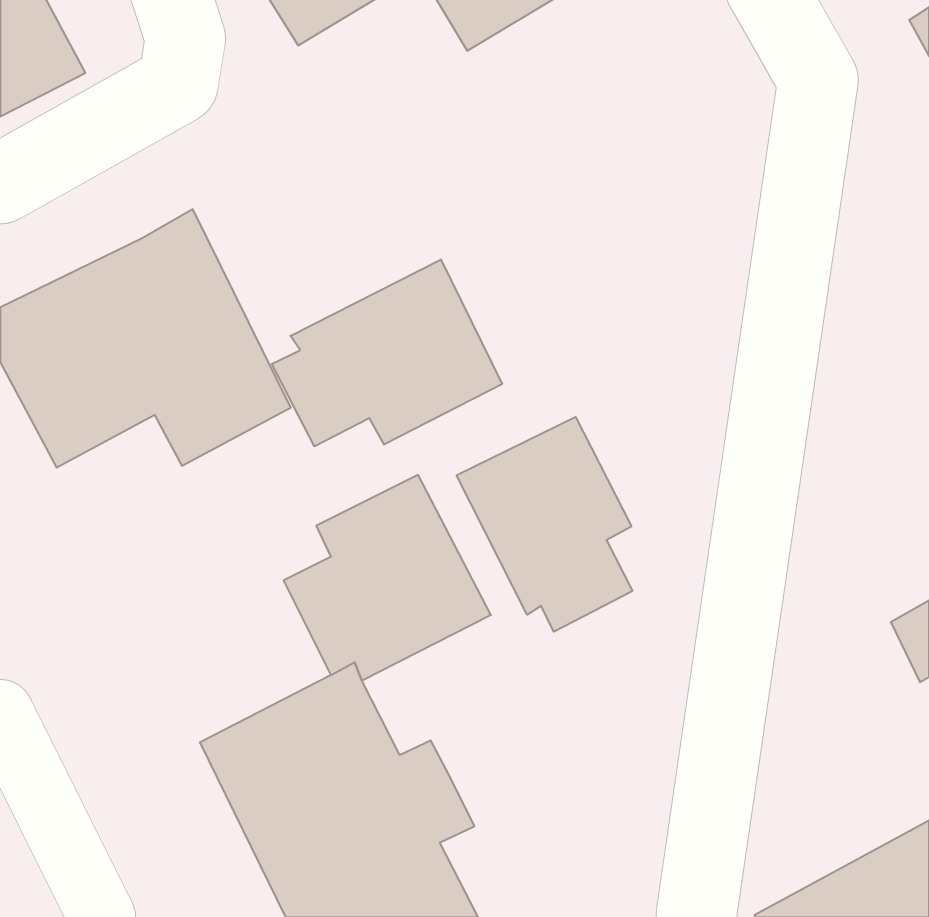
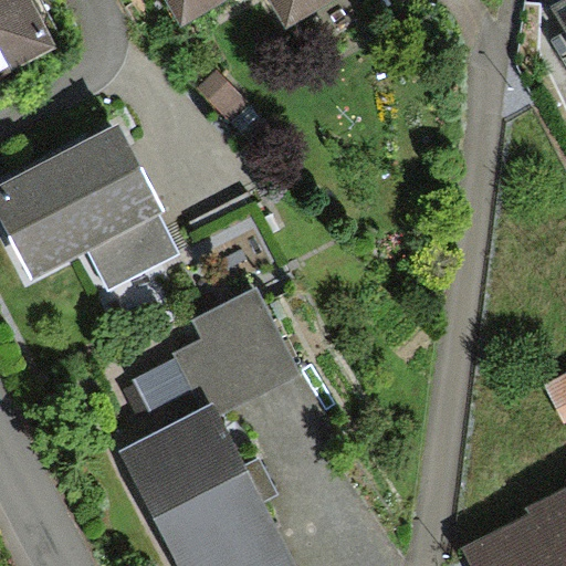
building: [272,259,502,446] -> none
building: [457,417,632,632] -> none

